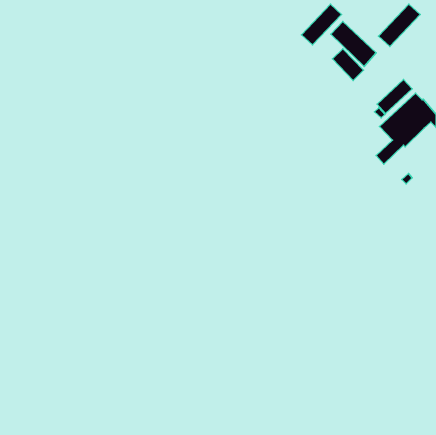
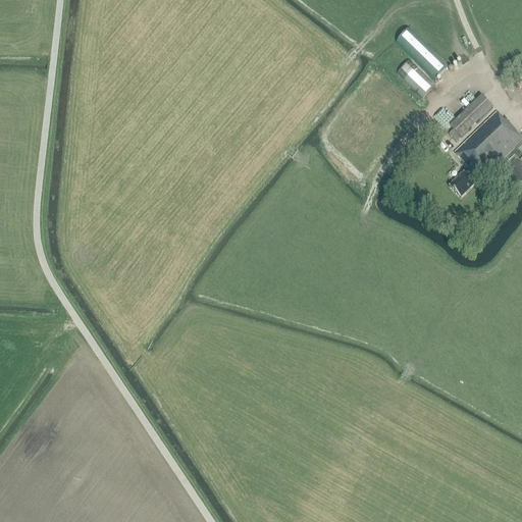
building: [378,4,420,46] -> none
building: [301,4,341,45] -> none

